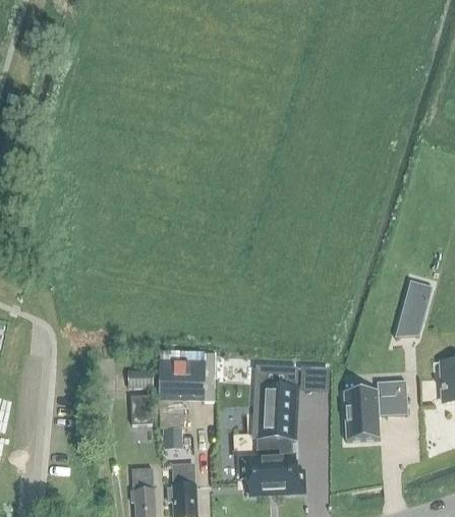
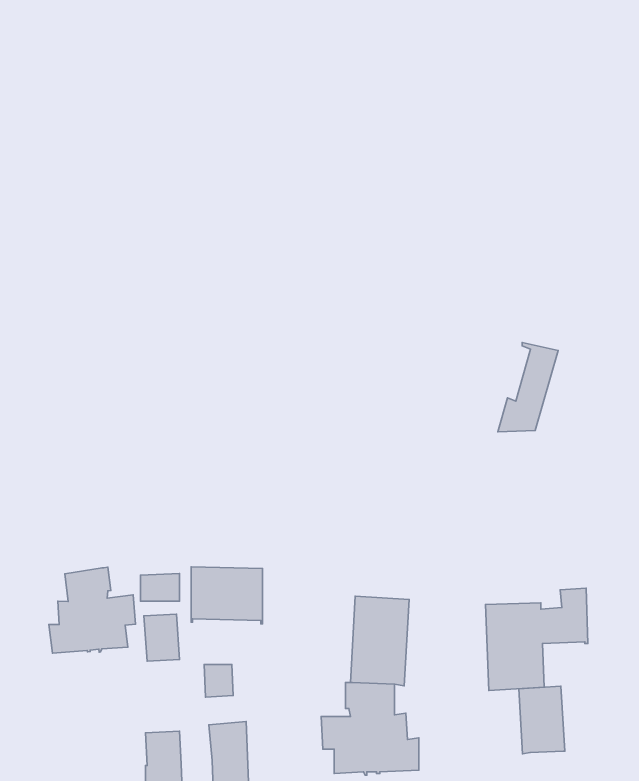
building: [394,280,432,336] -> [498,342,558,432]
building: none -> [49,567,135,653]
building: none -> [519,686,565,754]

